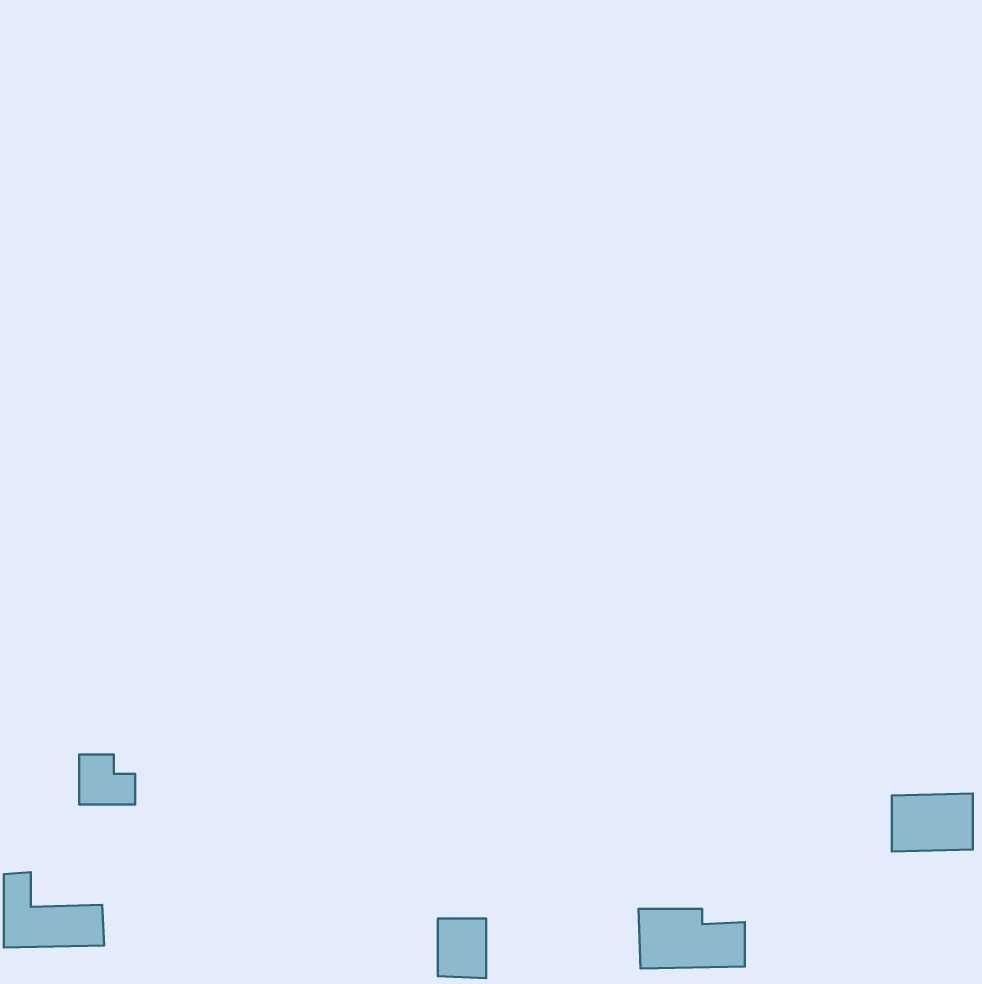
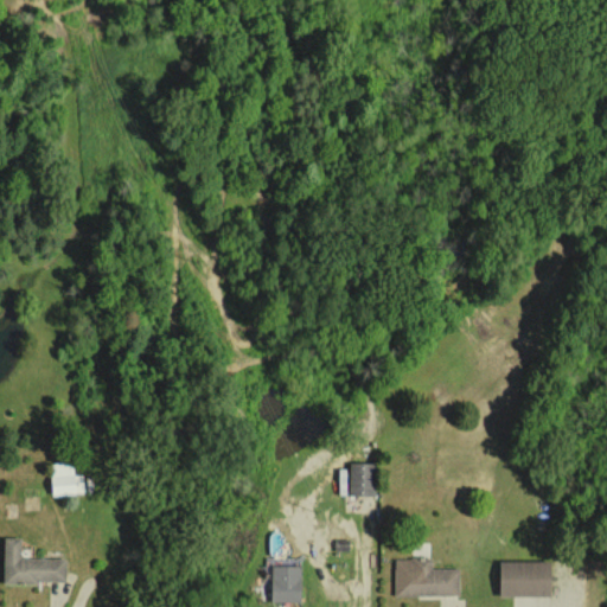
building: none -> [350,462,376,496]
building: [892,794,973,851] -> [500,561,550,596]

